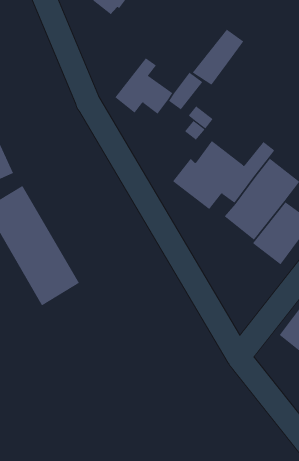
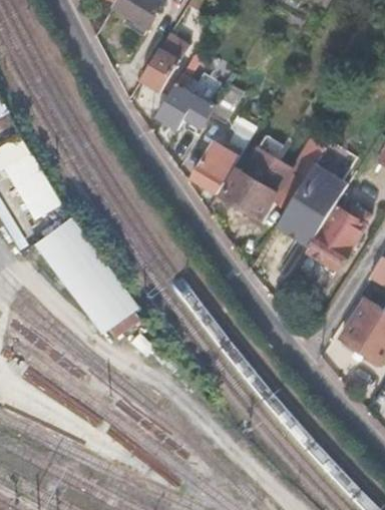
building: [192,29,244,85] -> [138,32,187,90]
building: none -> [187,142,237,195]

